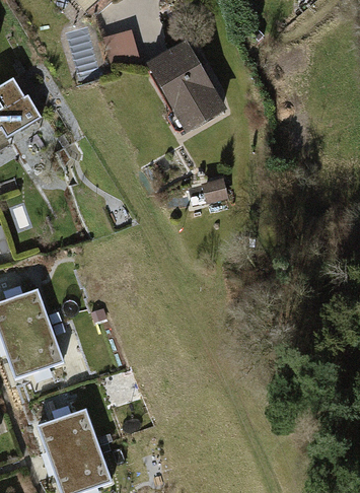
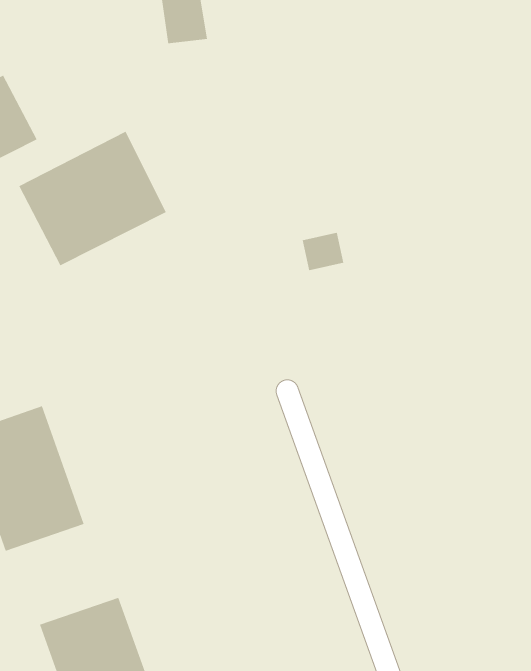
building: [144,42,226,134] -> none
building: none -> [18,131,166,266]

